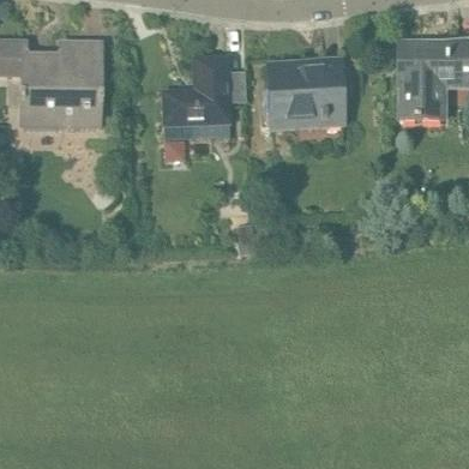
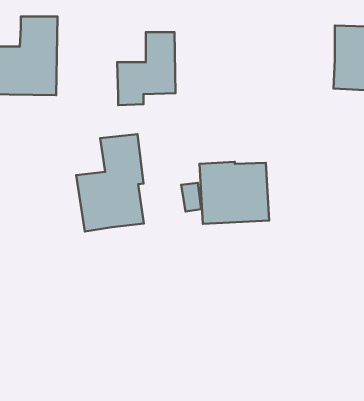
building: [267,60,343,127] -> [200,162,269,224]
building: none -> [76,134,144,232]

